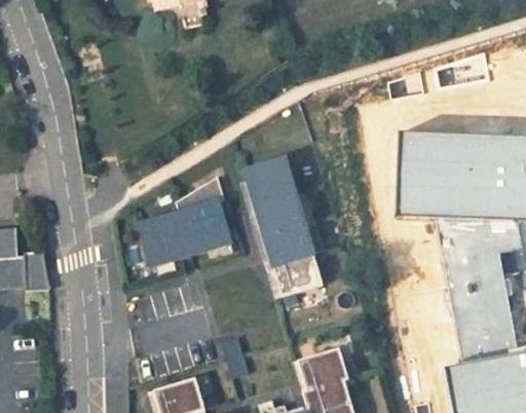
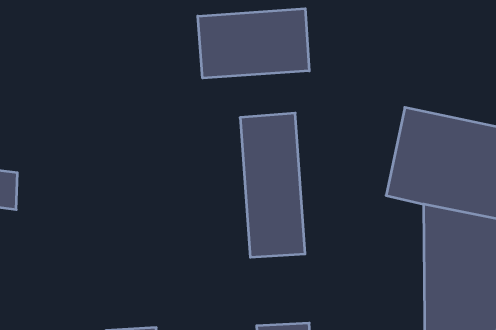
building: none -> [198,9,309,78]
building: [144,200,237,262] -> none

